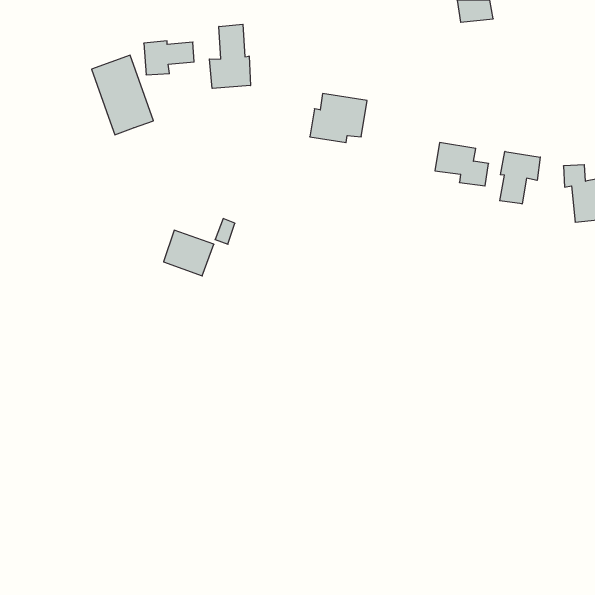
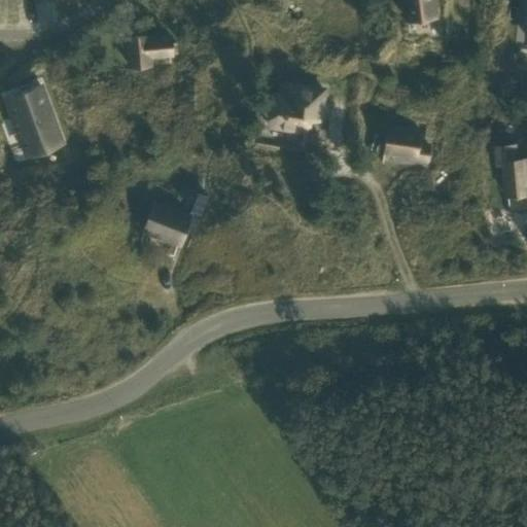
building: [209,24,250,88] -> none
building: [92,55,153,135] -> [8,86,63,156]
building: [500,151,540,204] -> none

